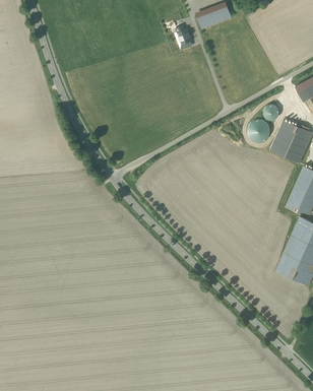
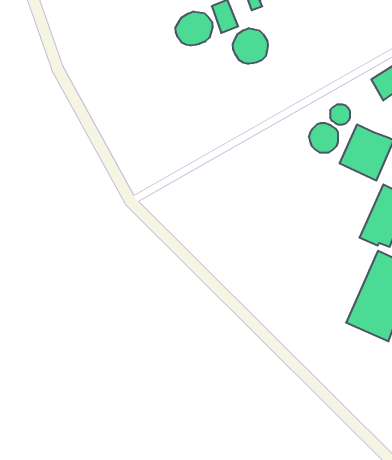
building: none -> [176,11,212,46]
building: none -> [233,28,268,64]

